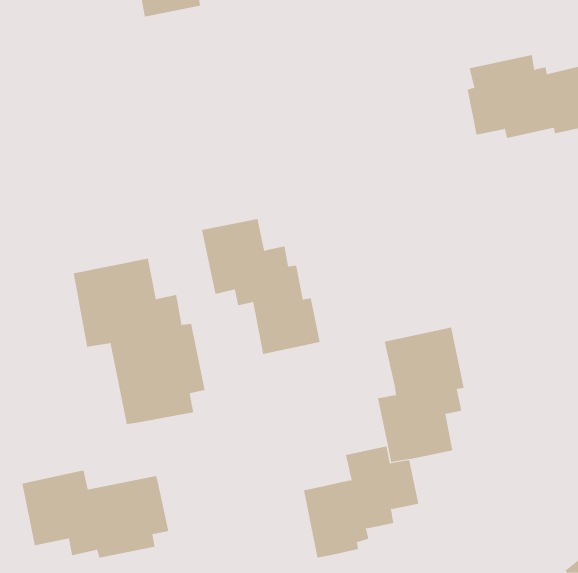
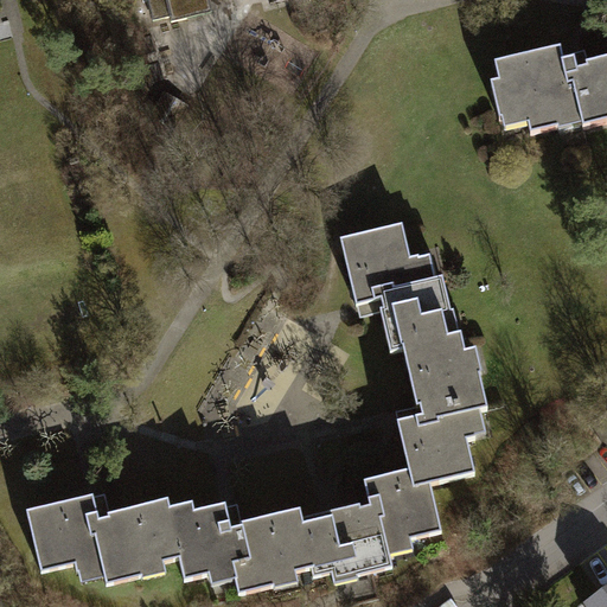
building: [201,218,321,355] -> [339,215,464,357]
building: [73,258,205,425] -> none
building: none -> [168,500,331,594]

